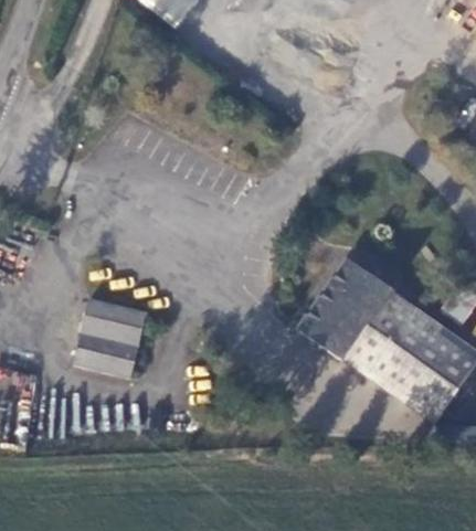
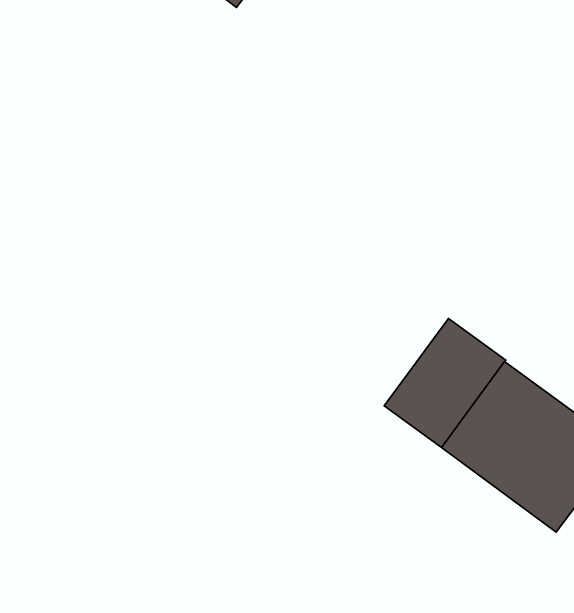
building: [73,293,146,372] -> none

